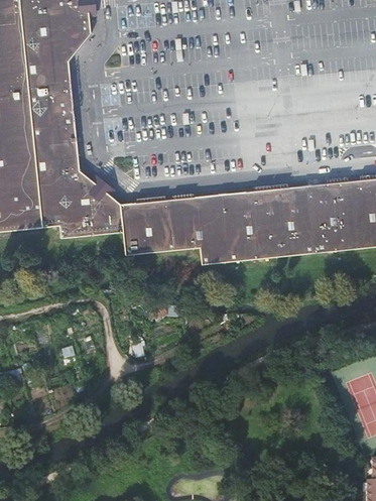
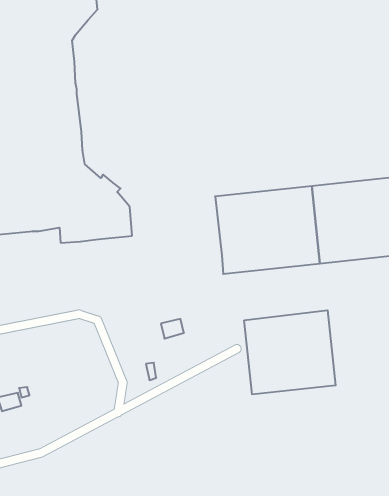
building: [119,198,200,257] -> none
building: none -> [244,310,336,394]

